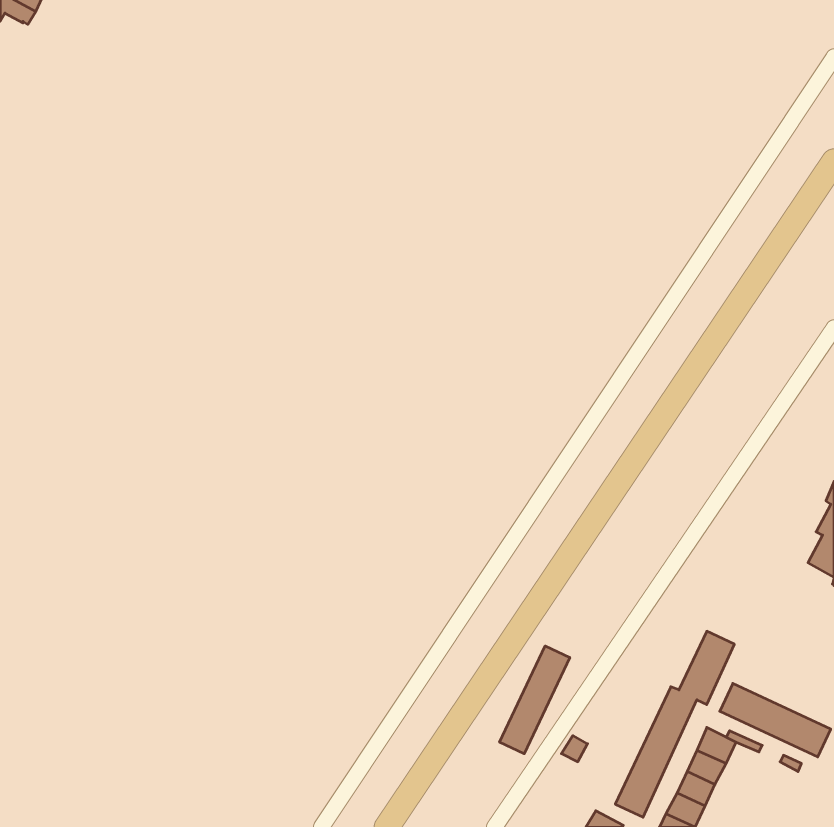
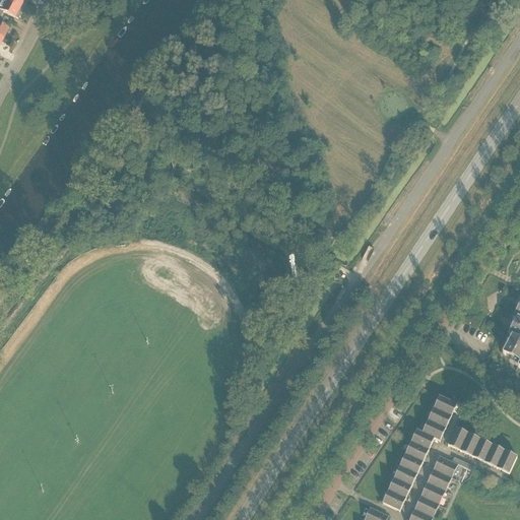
building: [500,646,570,754] -> none

